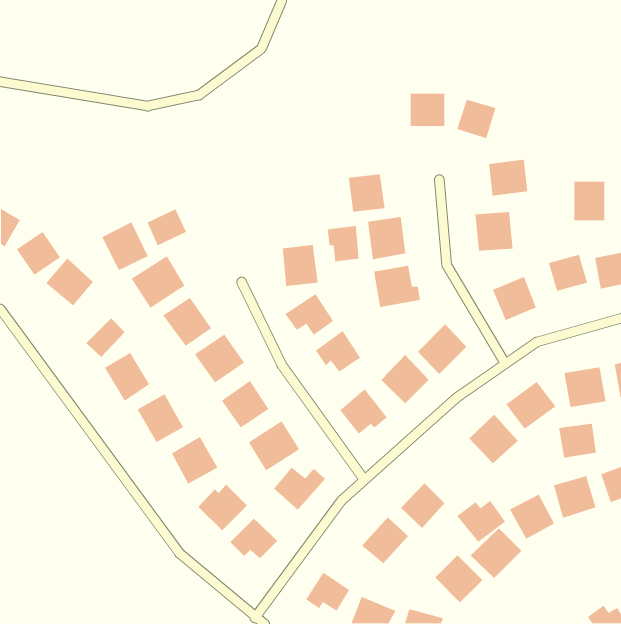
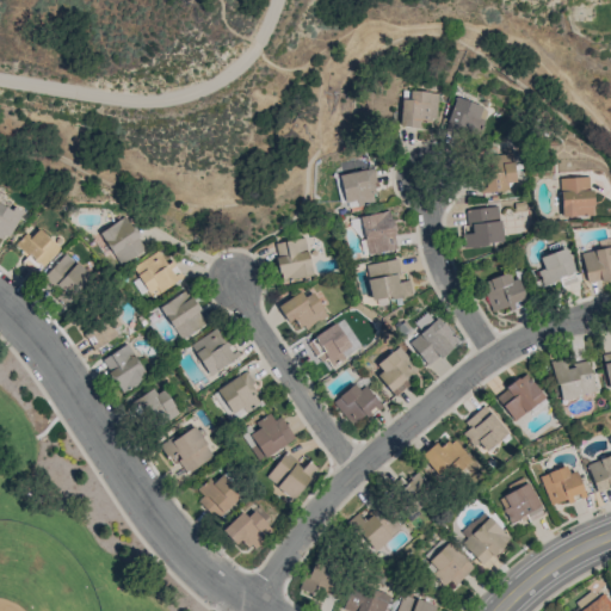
building: [146,208,187,247] -> none
building: [327,225,359,262] -> none
building: [558,423,597,459] -> none
building: [456,500,506,543] -> [424,439,473,481]

